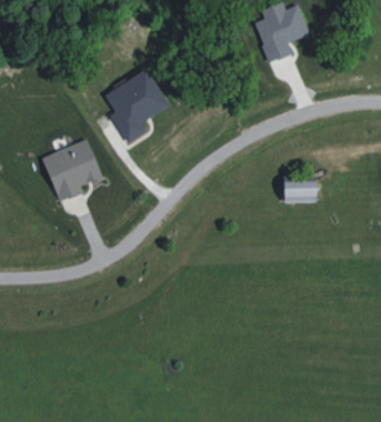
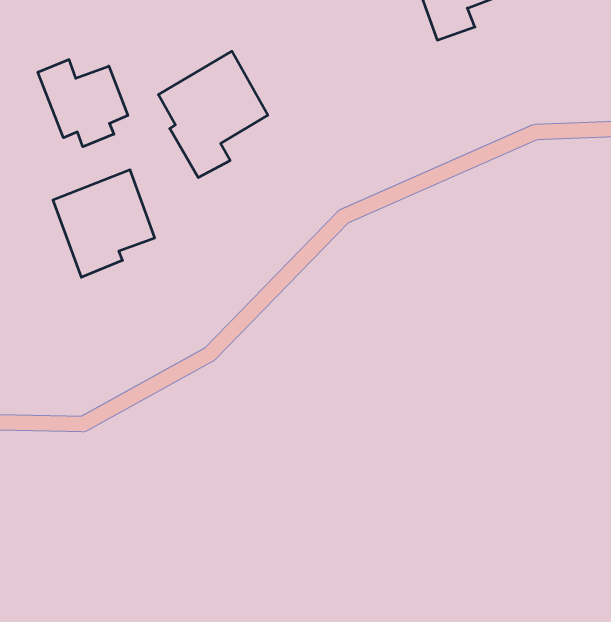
building: none -> [38,60,128,147]
building: [283,175,315,201] -> none

